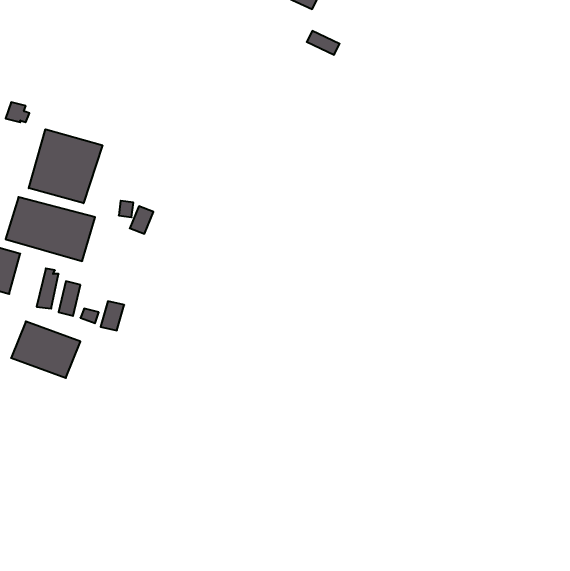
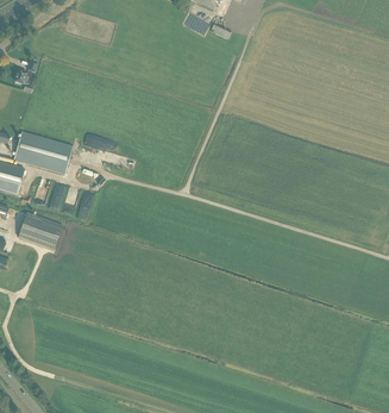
building: [29,129,102,203] -> none

